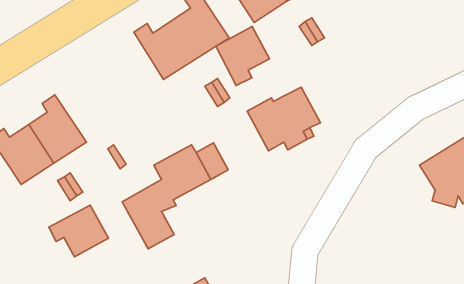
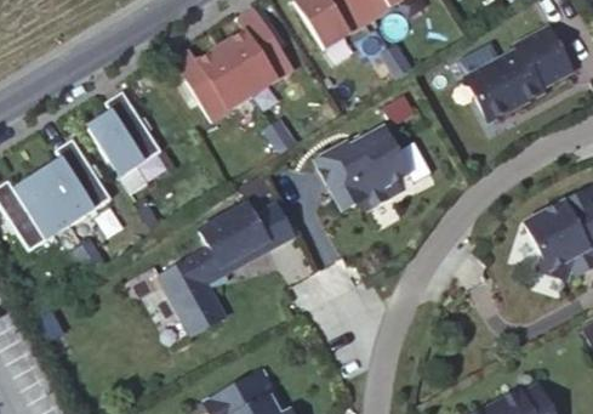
building: none -> [464,28,571,114]
building: [216,27,269,86] -> none
building: none -> [89,92,162,178]
building: [49,205,109,257] -> none

